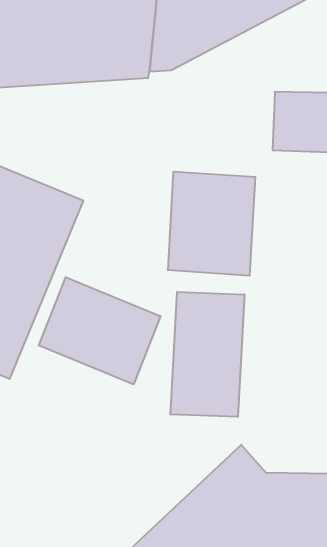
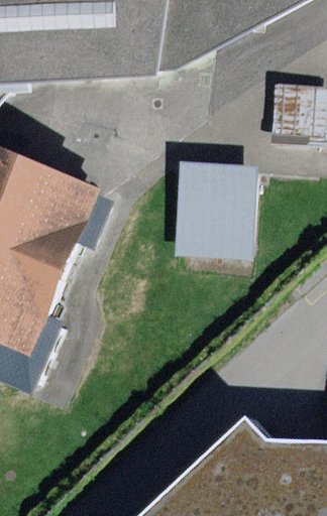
building: [39,277,161,384] -> none
building: [170,292,245,417] -> none

